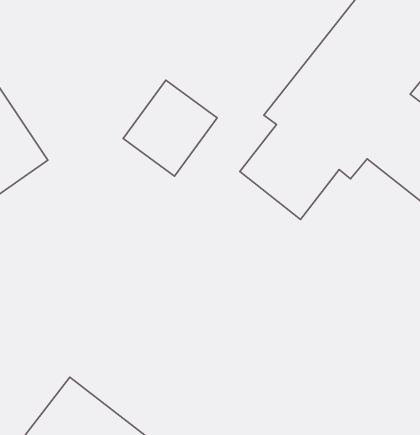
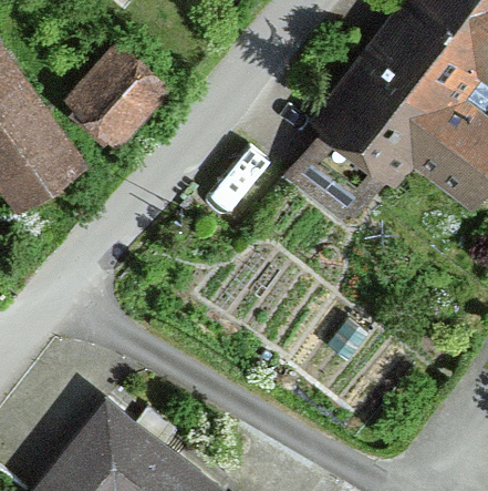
building: [123,80,217,176] -> [74,47,174,149]

